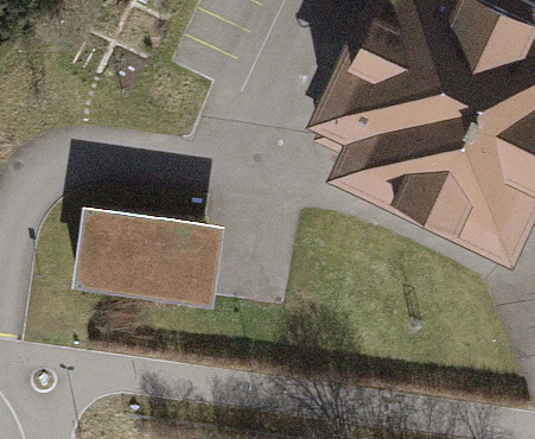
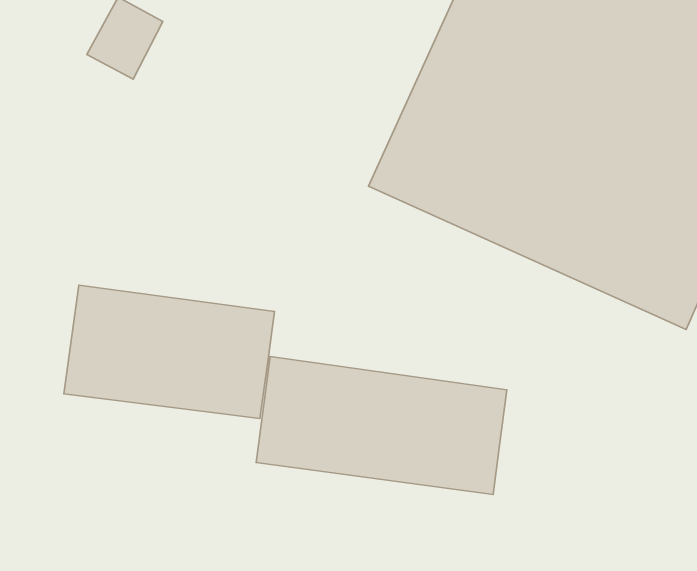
building: none -> [256,356,507,494]

